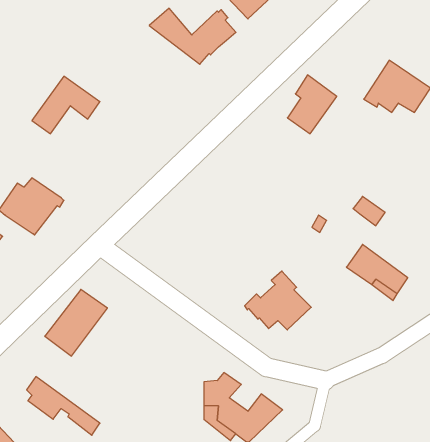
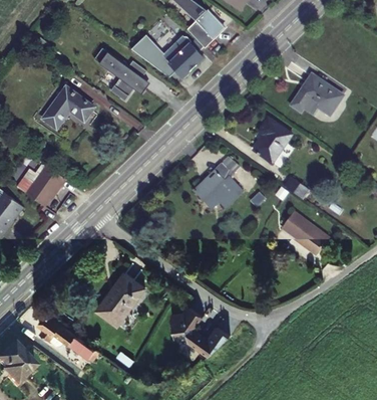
building: none -> [93,46,151,99]
building: [287,75,337,134] -> [255,117,292,161]
building: [245,271,311,330] -> [195,163,245,207]
building: [45,289,107,356] -> [98,273,145,324]

